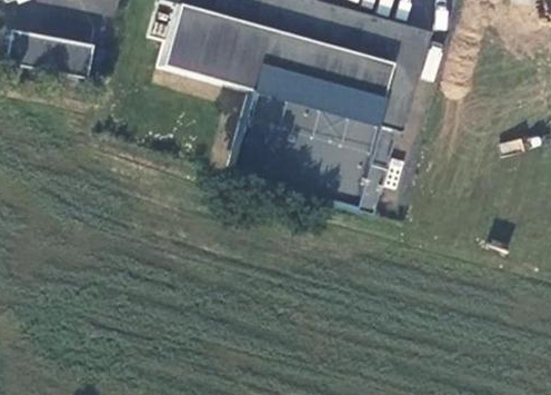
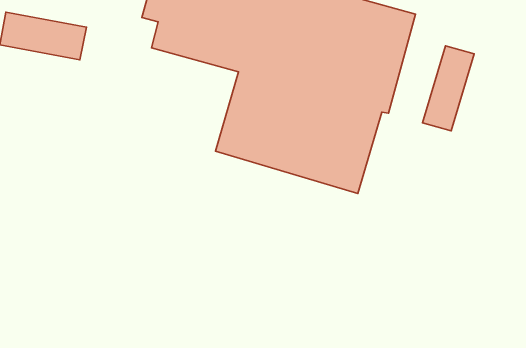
building: none -> [422,46,474,131]

